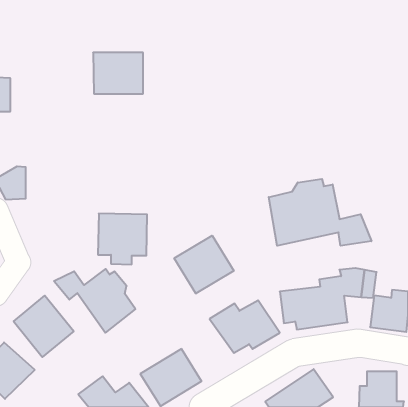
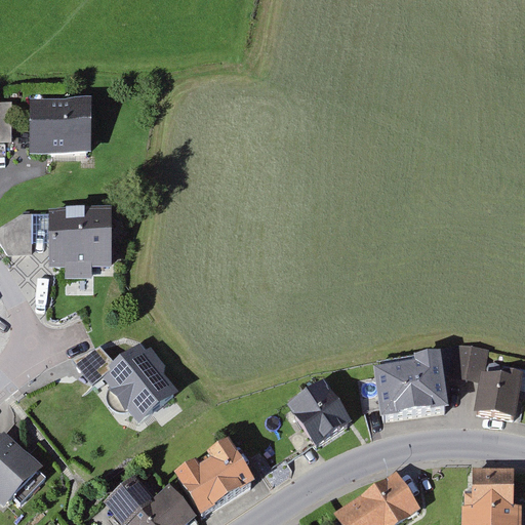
building: [93,53,143,94] -> [31,98,94,151]
building: [269,179,371,246] -> none
building: [98,214,147,264] -> [51,211,114,276]
building: [174,236,234,294] -> none
building: [14,296,74,357] -> none

